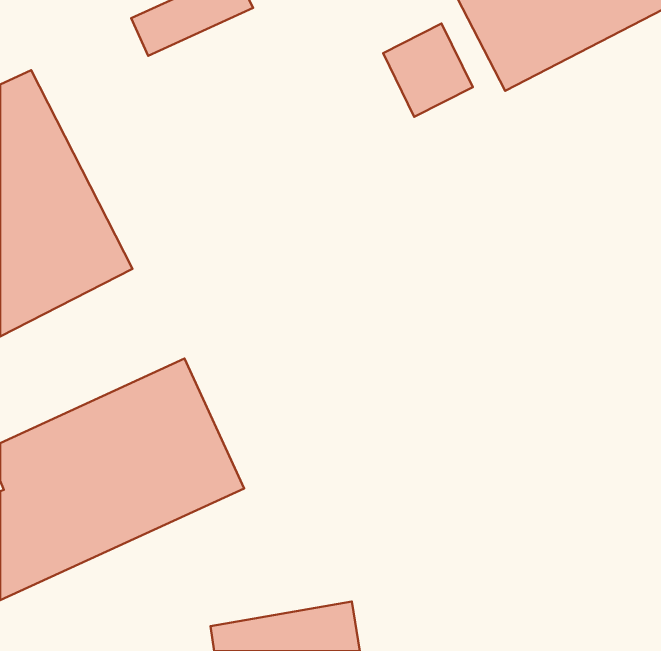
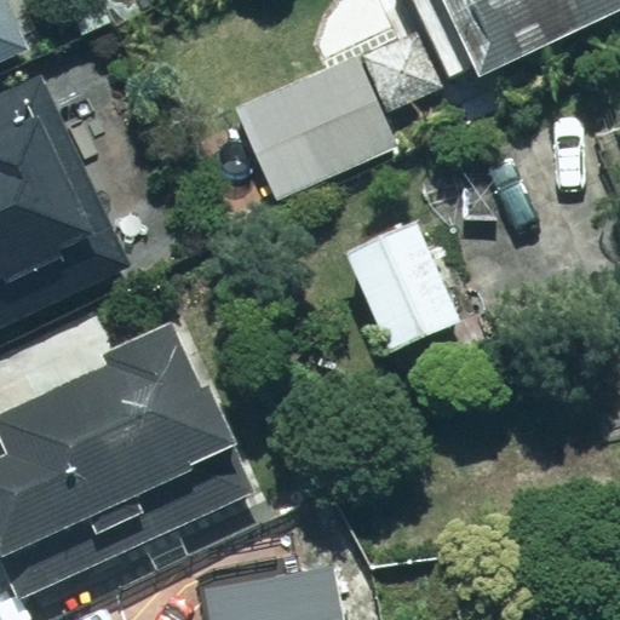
building: none -> [236,52,392,196]
building: none -> [332,219,459,366]

